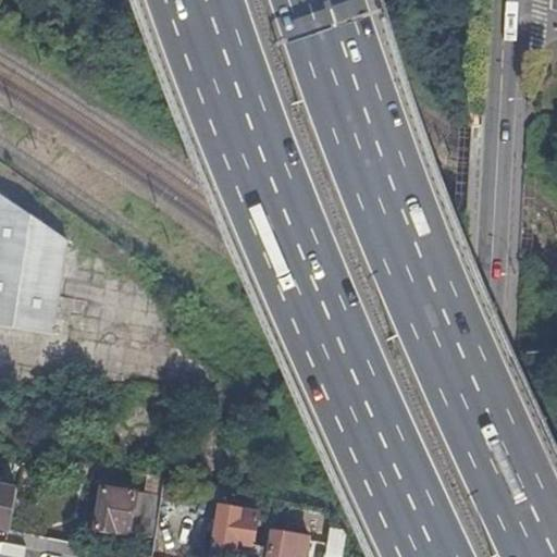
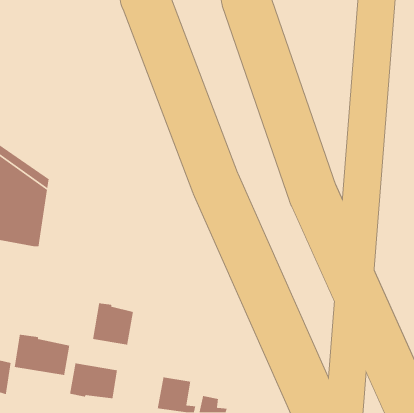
building: none -> [92,302,134,346]
building: none -> [14,334,70,376]

